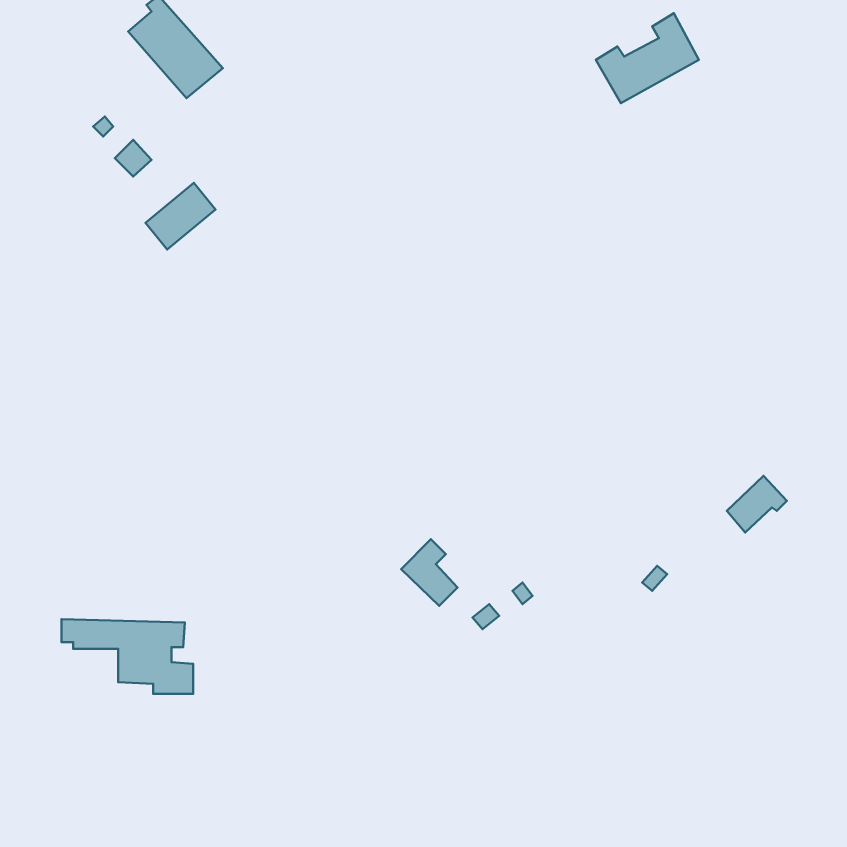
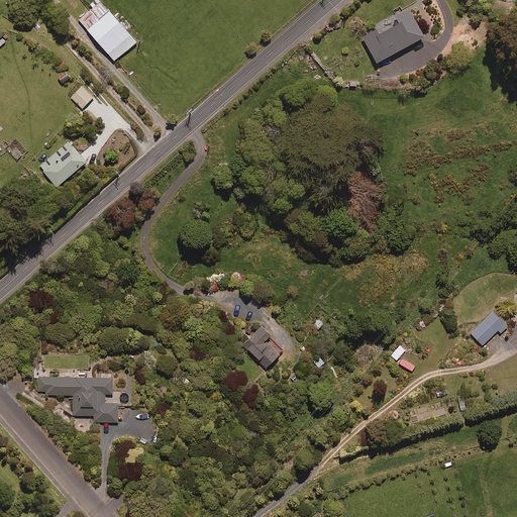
building: [145,183,215,249] -> [42,145,85,186]
building: [727,476,787,532] -> [470,310,506,344]

